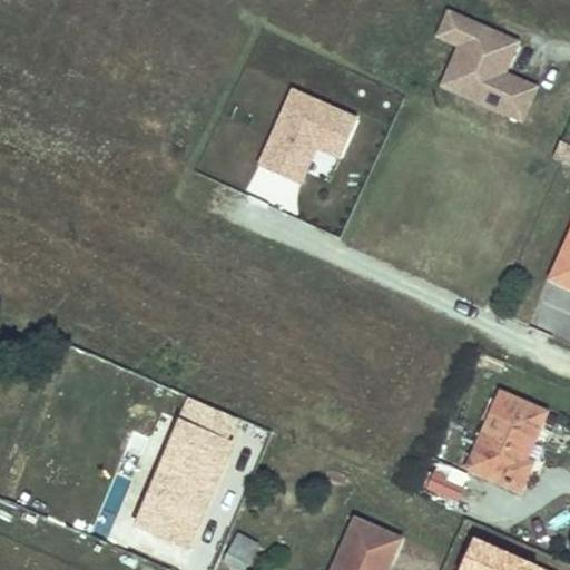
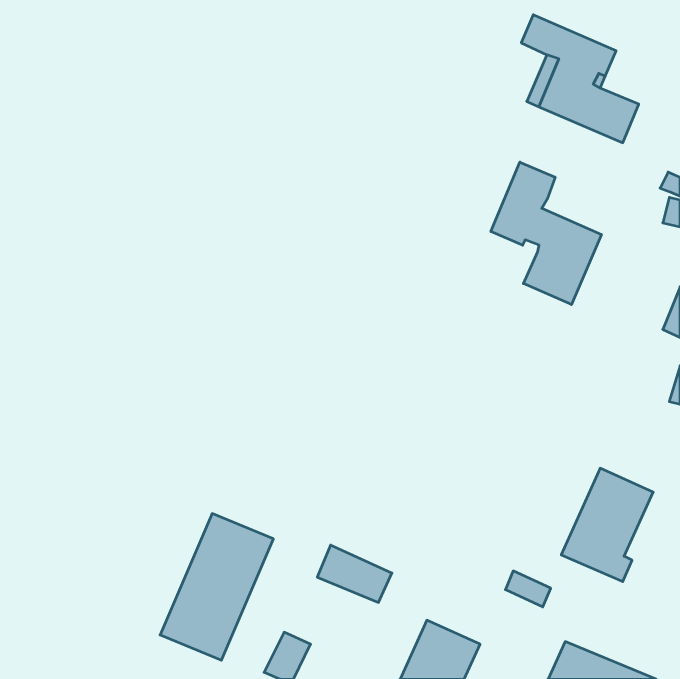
building: [261,87,361,181] -> none
building: none -> [491,162,601,305]
building: [177,402,239,450] -> [317,545,392,602]

